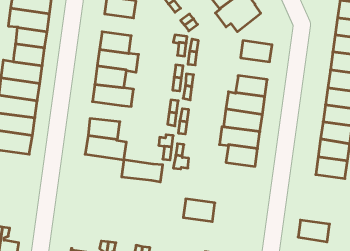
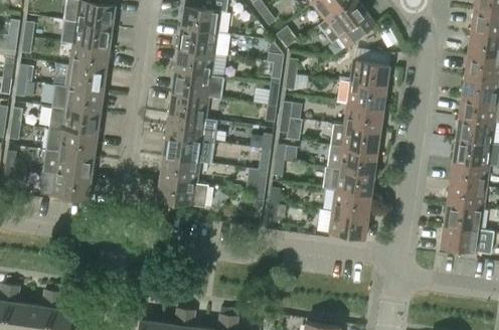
building: none -> [178,27,229,56]
building: none -> [338,81,386,109]
building: [122,160,163,182] -> [163,136,214,163]
building: [183,199,215,222] -> [329,211,368,239]
building: [298,220,330,242] -> [441,226,480,254]

